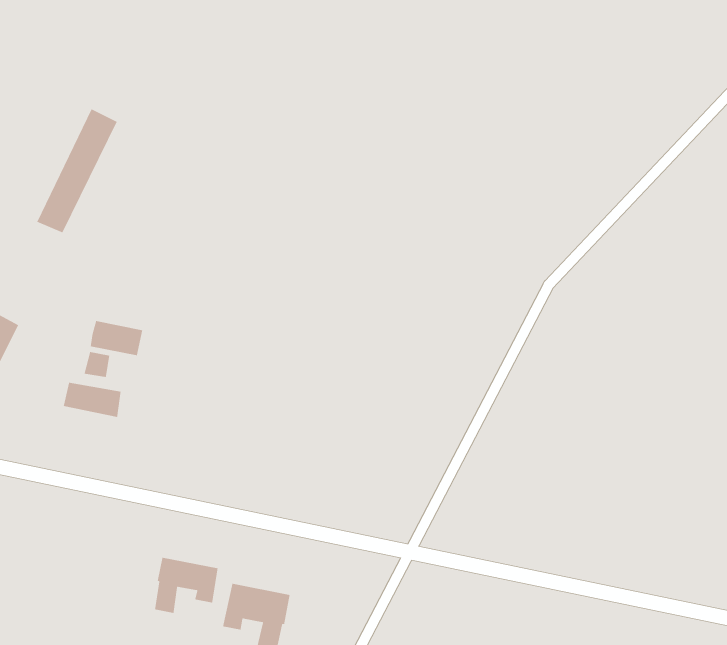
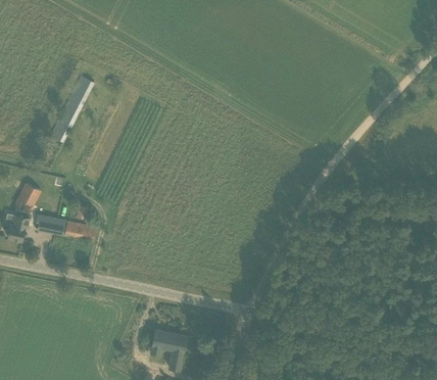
building: [90,320,143,356] -> [36,215,64,234]
building: [154,557,219,614] -> none

